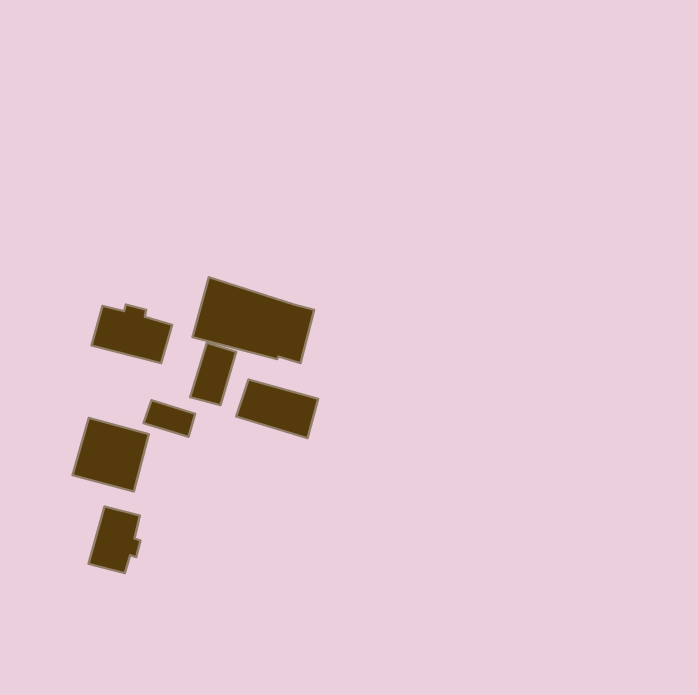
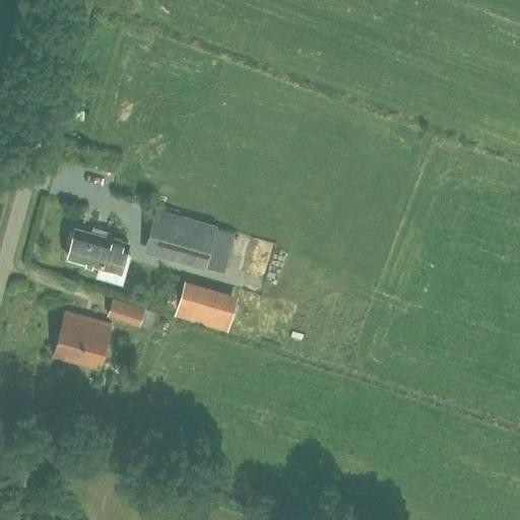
building: [190,343,236,405] -> none
building: [89,507,141,573] -> none

